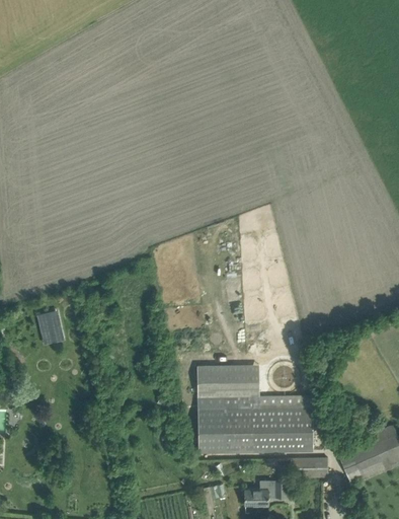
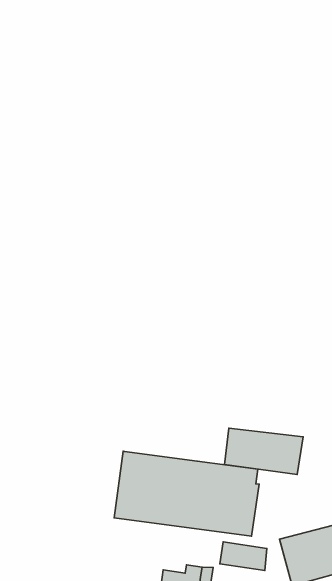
building: [197,364,259,396] -> [225,428,303,474]

